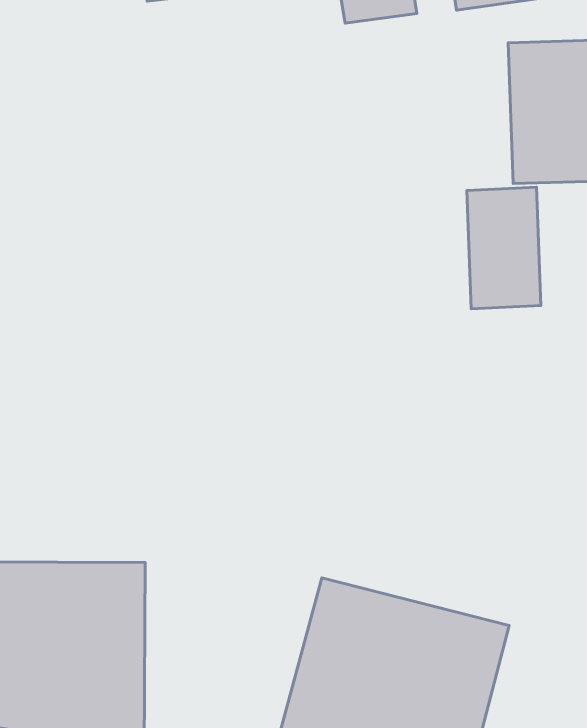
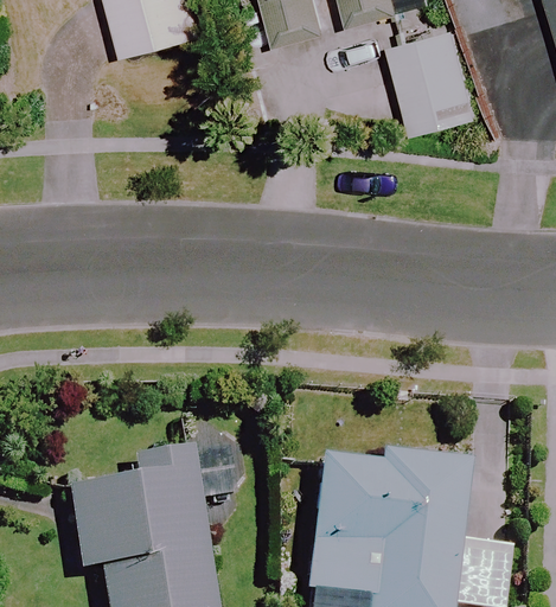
building: [467,187,541,309] -> none

